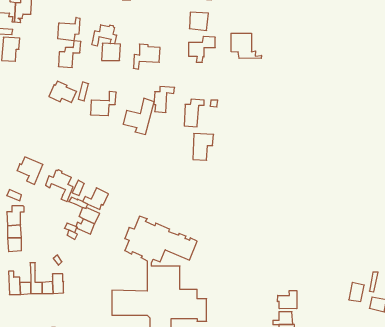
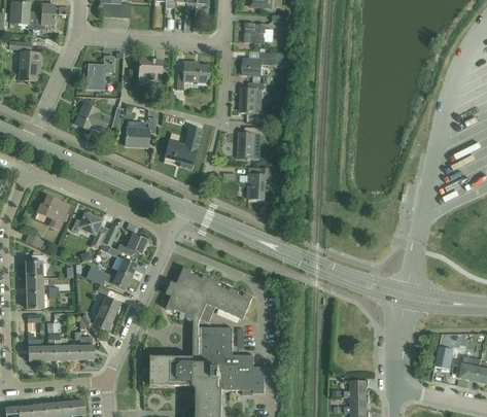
building: [58,17,80,41] -> none
building: [92,25,117,46] -> none
building: [231,33,261,58] -> none
building: [154,87,175,112] -> [240,82,265,113]
building: none -> [91,297,118,329]
building: [277,291,297,309] -> none

